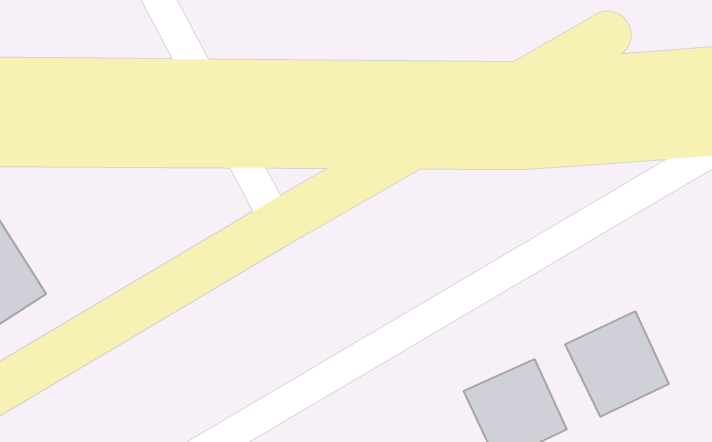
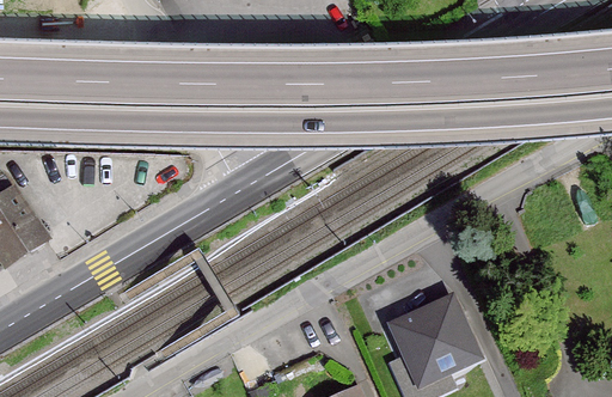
building: [565,311,669,417] -> none

